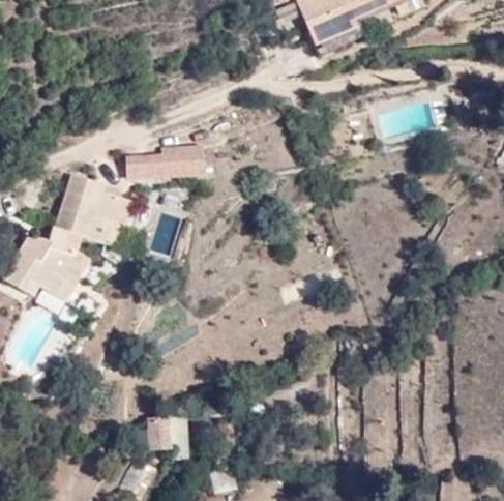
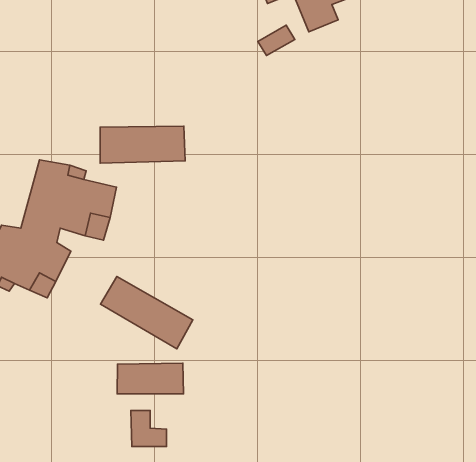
building: none -> [100,277,193,349]
building: none -> [117,363,183,394]

